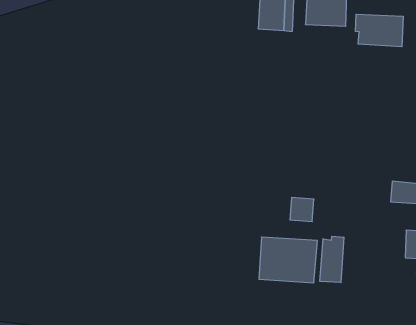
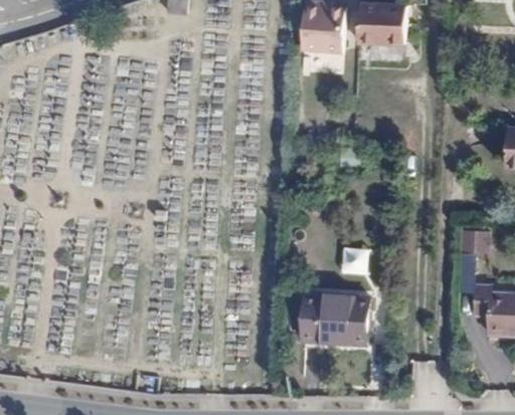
building: [355,14,403,47] -> none
building: [320,236,344,283] -> none

